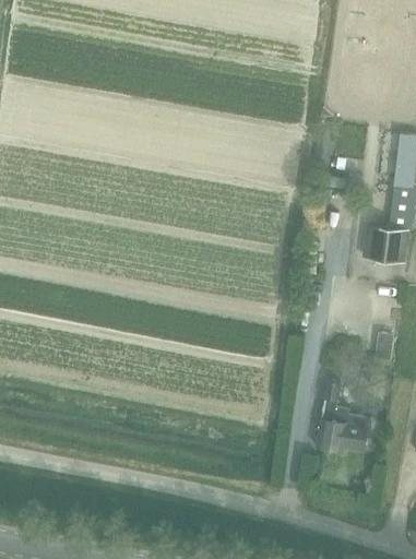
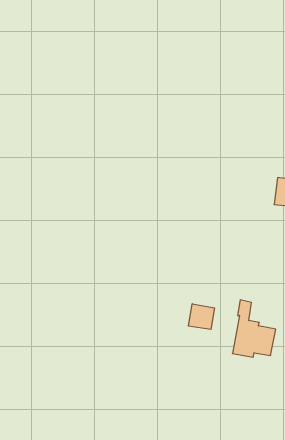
building: none -> [188,304,214,329]

